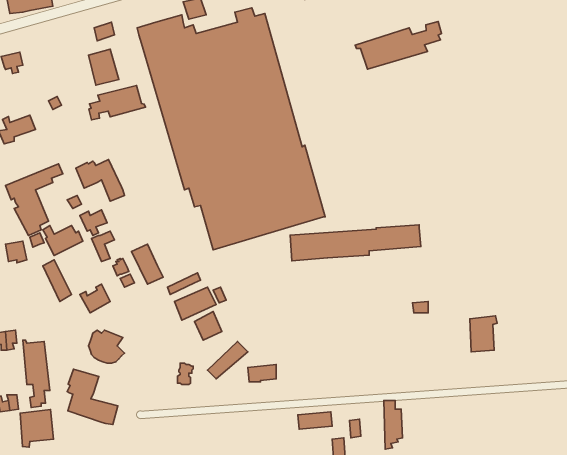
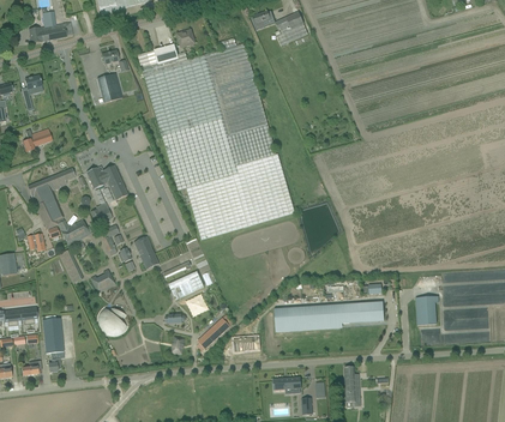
building: [355,21,442,69] -> none
building: [89,86,145,120] -> none
building: [290,225,421,261] -> [275,301,384,331]
building: [67,369,118,424] -> none
building: [20,410,53,447] -> none

